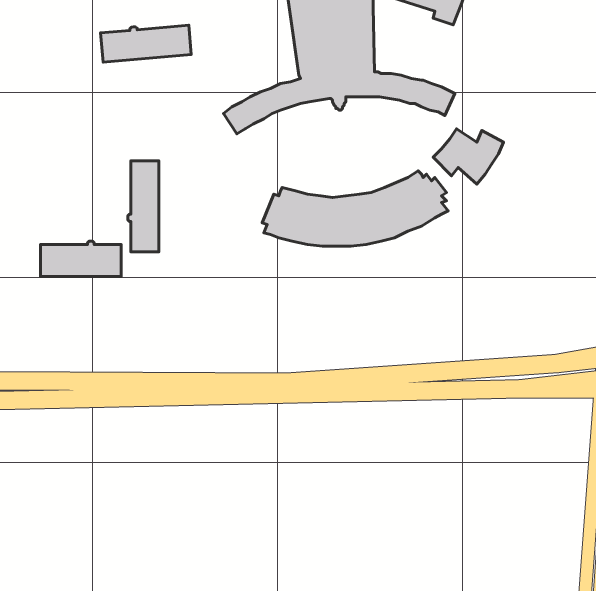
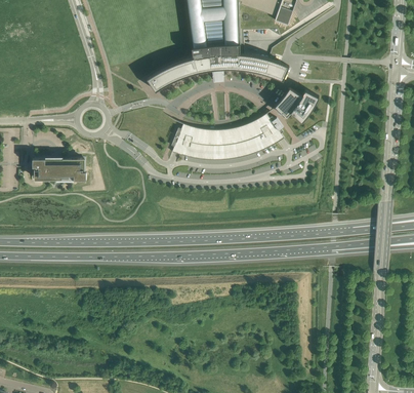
building: [101,25,191,62] -> none
building: [128,161,159,252] -> none

